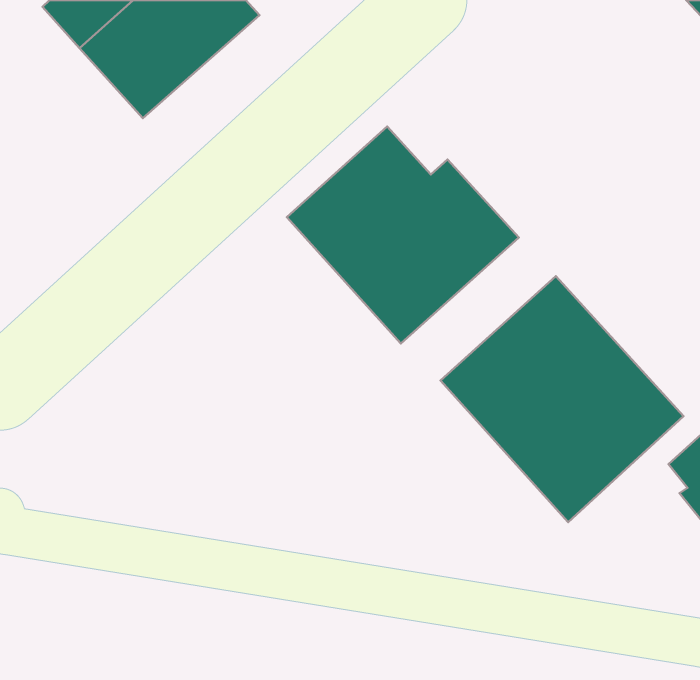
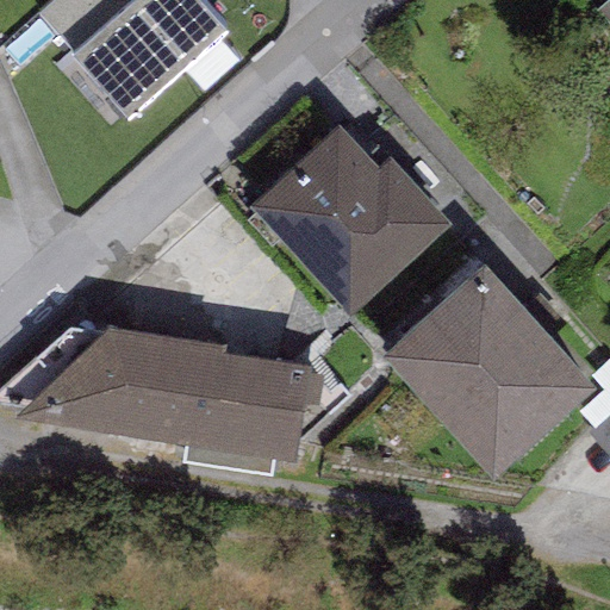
building: none -> [17,328,310,462]

